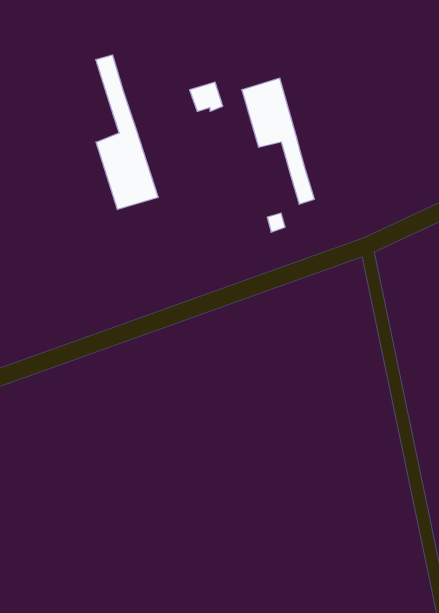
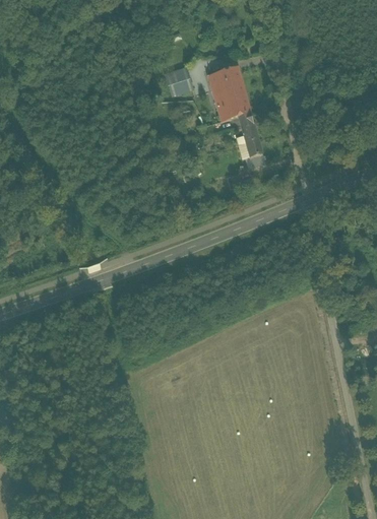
building: [96,55,158,210] -> none

